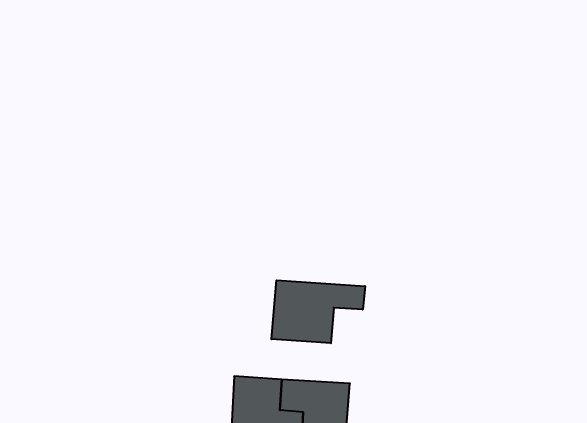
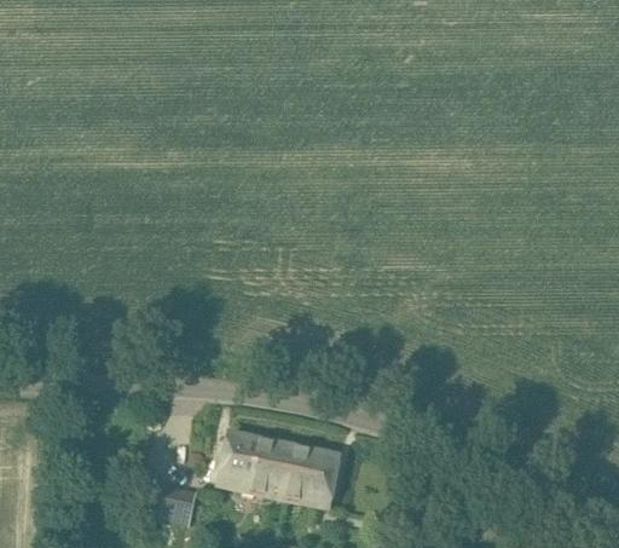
building: [271,280,365,343] -> none

